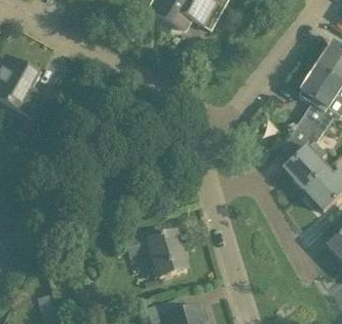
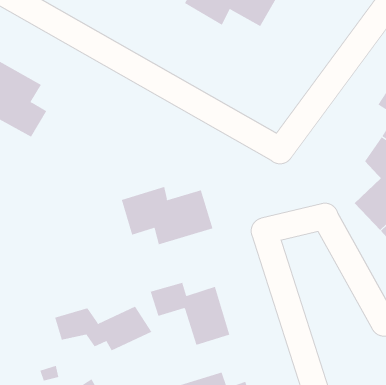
building: none -> [121,186,213,245]
building: none -> [54,306,152,351]

